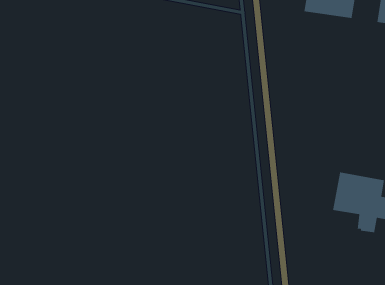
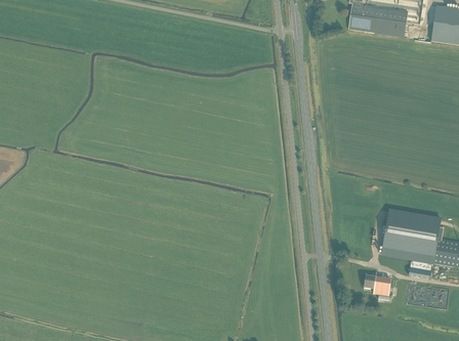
building: none -> [364,270,391,295]

